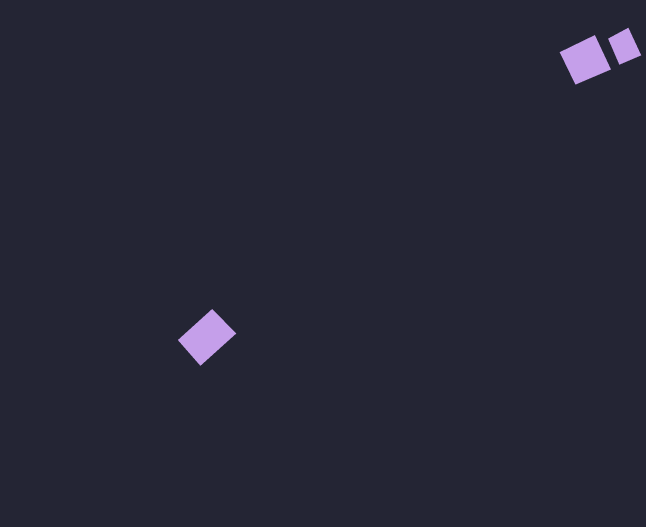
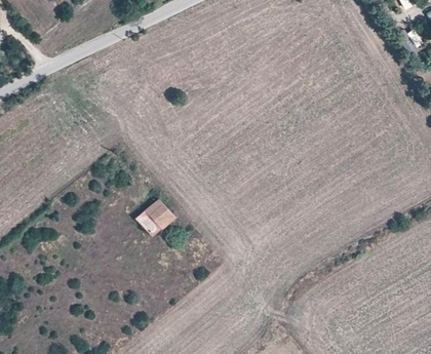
building: [559,34,612,86] -> none

